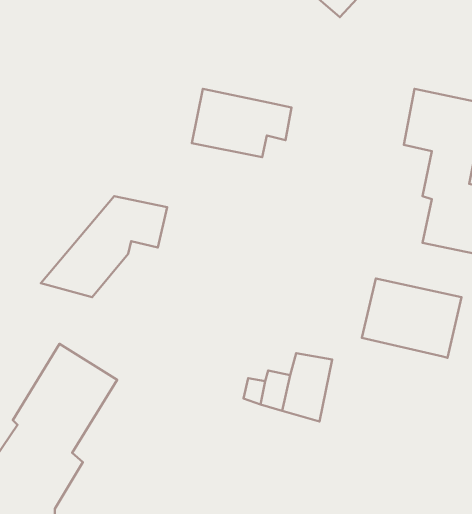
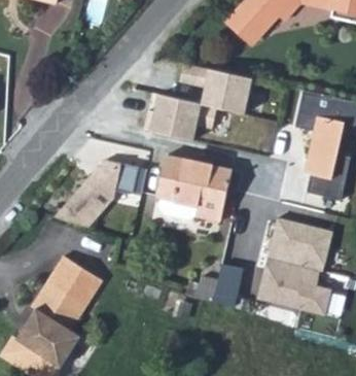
building: none -> [181,60,254,109]
building: none -> [156,157,230,225]
building: none -> [254,255,329,314]

